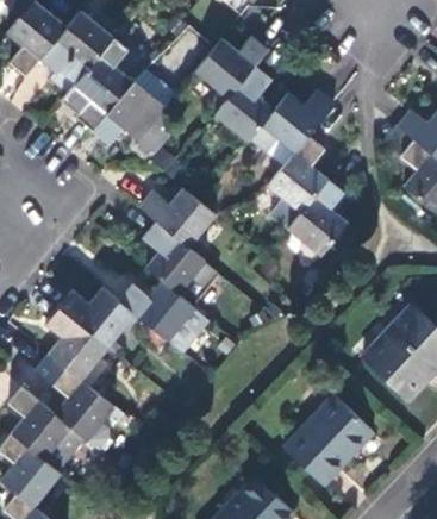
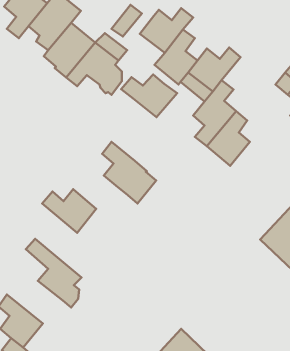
building: [141,187,218,246] -> [121,74,177,117]
building: [120,281,211,352] -> none
building: [48,306,110,381] -> none
building: [11,386,89,473] -> none
building: [283,398,372,486] -> none

